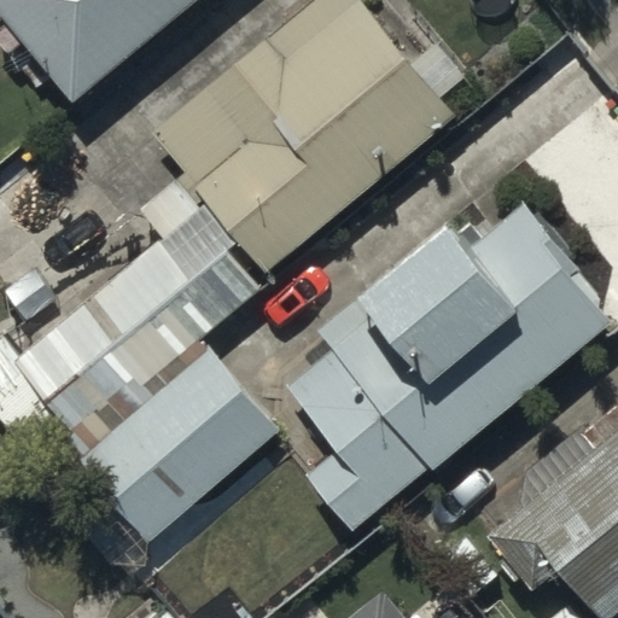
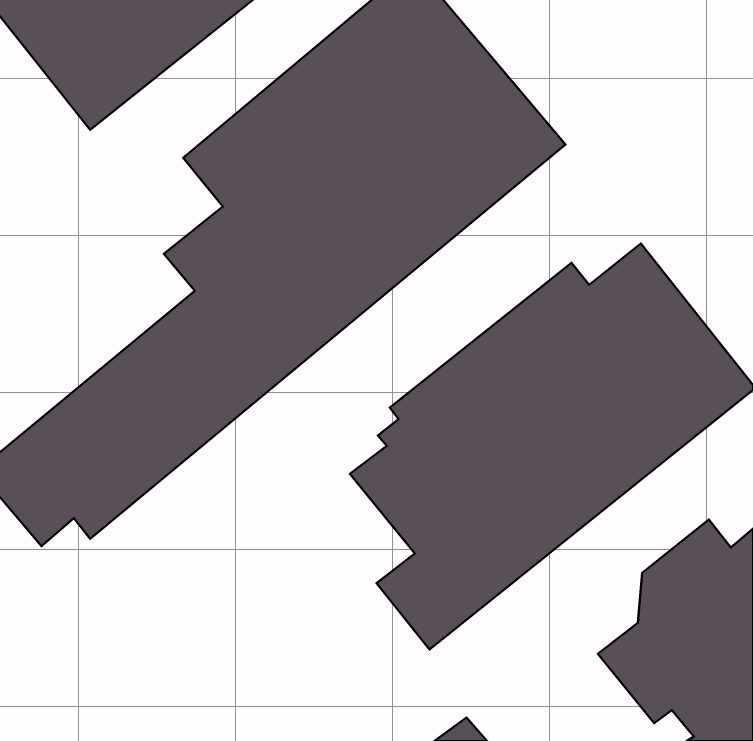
building: [81,346,279,538] -> none

